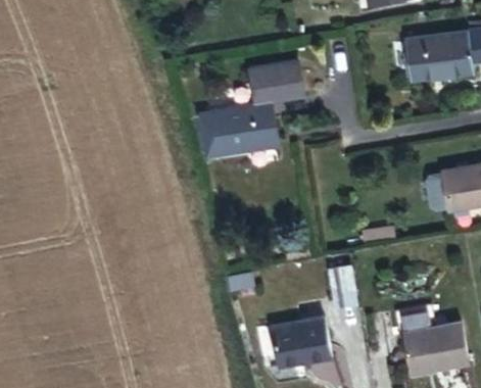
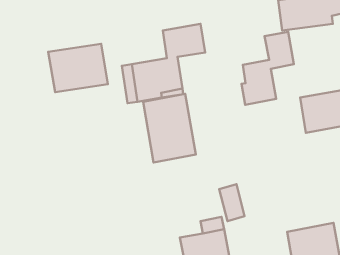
building: none -> [242,32,294,105]
building: none -> [48,44,108,92]
building: none -> [143,94,196,162]

